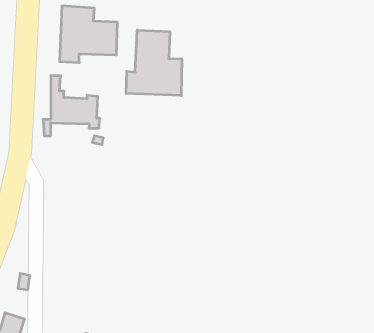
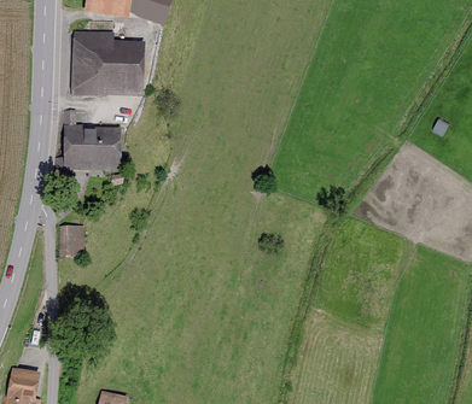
building: [126,30,182,96] -> none
building: none -> [60,226,81,256]

